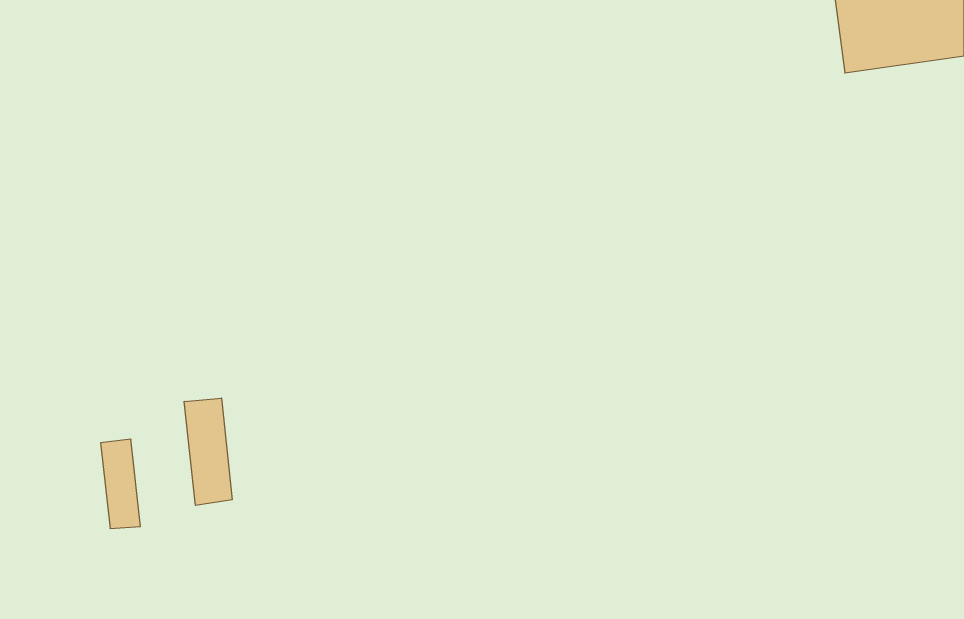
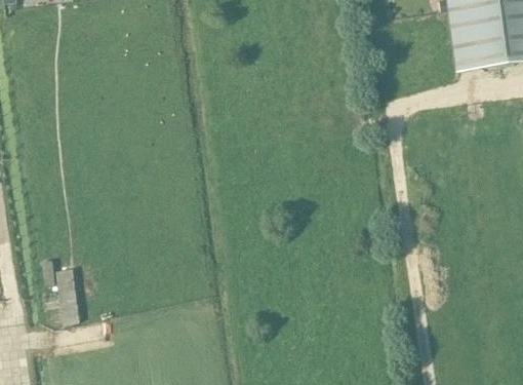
building: [184,398,232,505] -> none

